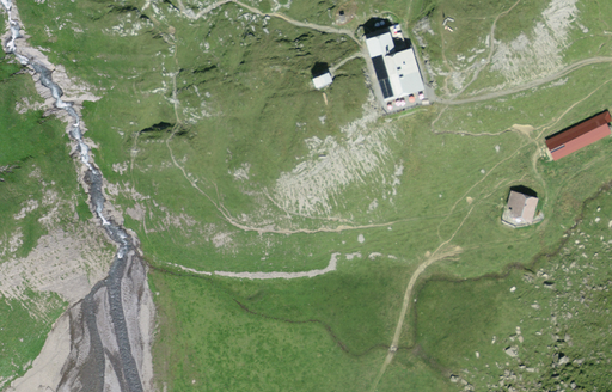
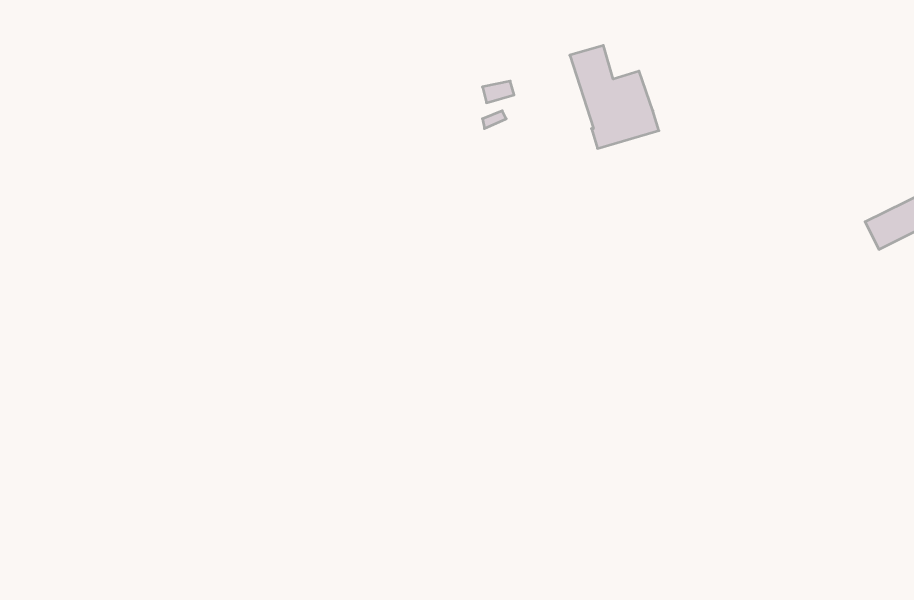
building: [508,191,539,219] -> none

